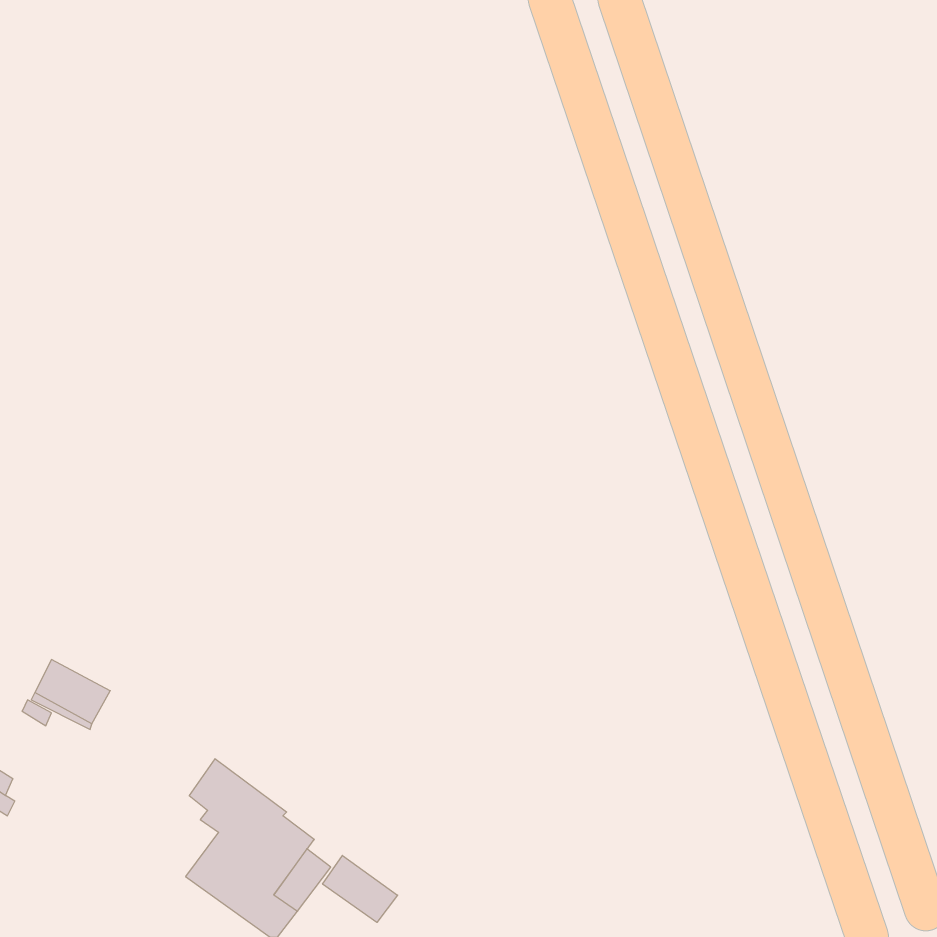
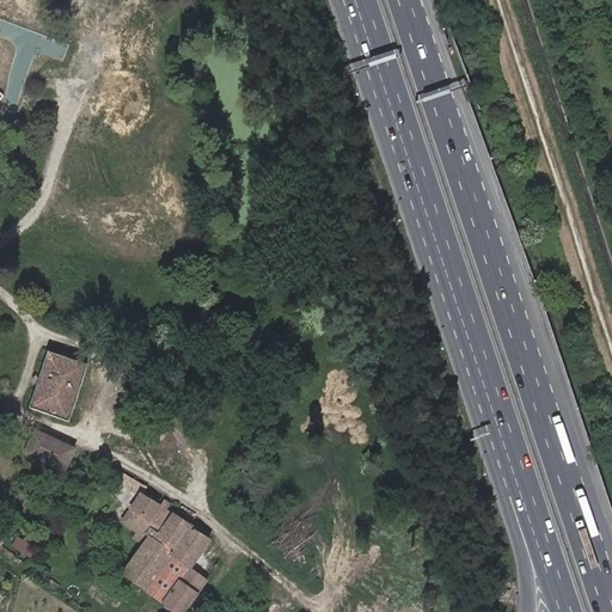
building: none -> [29,350,87,420]
building: [323,855,398,922] -> none

